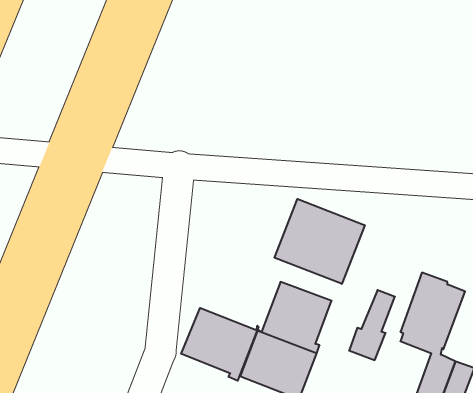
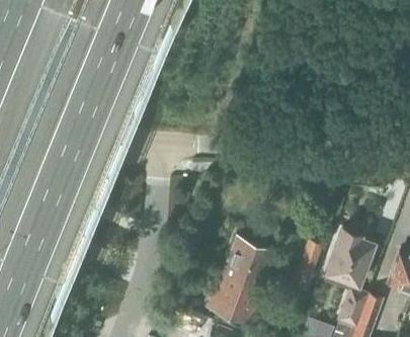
building: [274,199,365,284] -> none
building: [181,308,258,381] -> none

